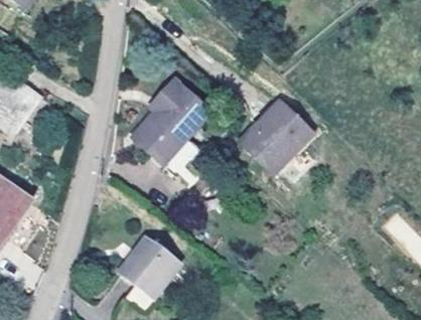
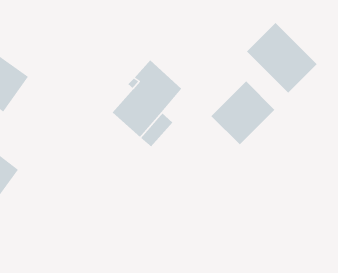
building: none -> [246,22,317,93]
building: [119,235,182,297] -> none

